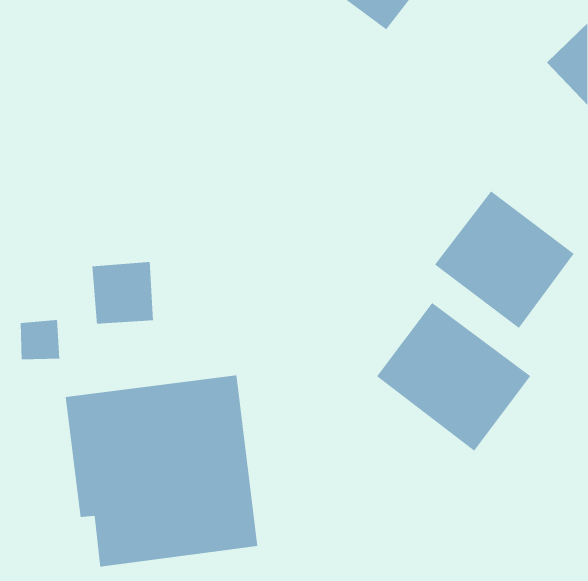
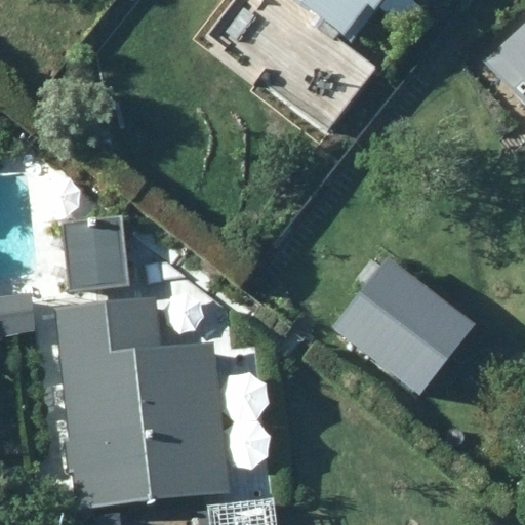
building: [434,191,574,329] -> none

